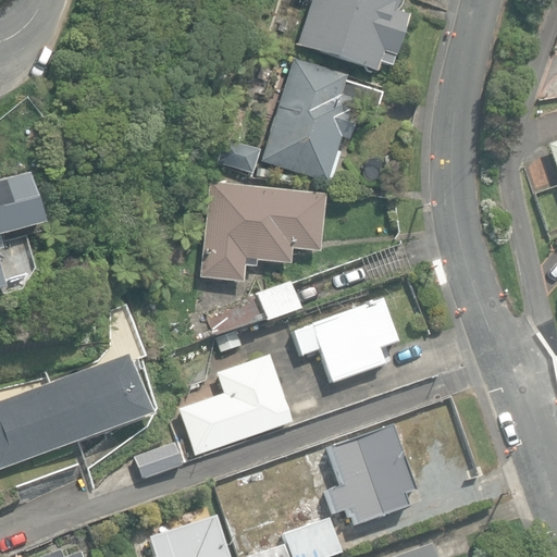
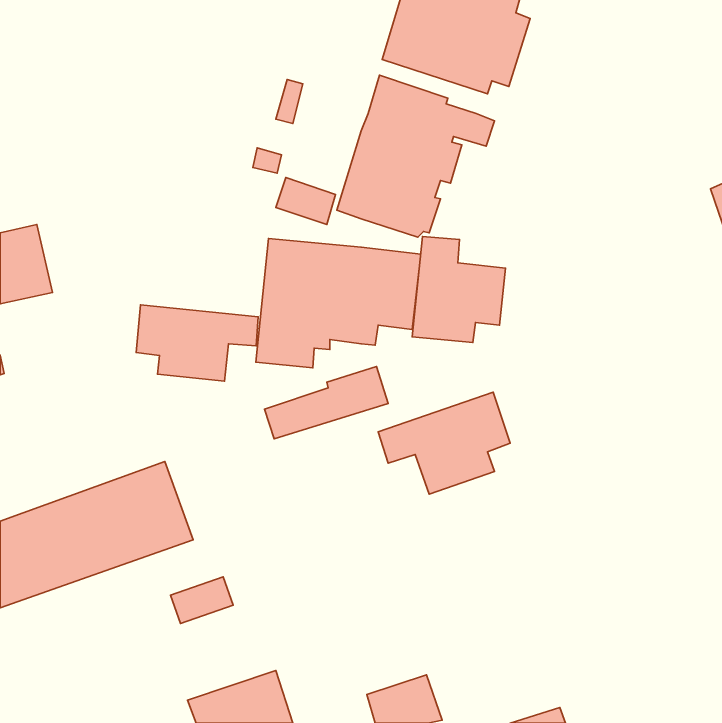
building: none -> [412,236,505,342]
building: none -> [136,305,258,381]
building: [180,354,293,455] -> none
building: [325,425,413,524] -> none

